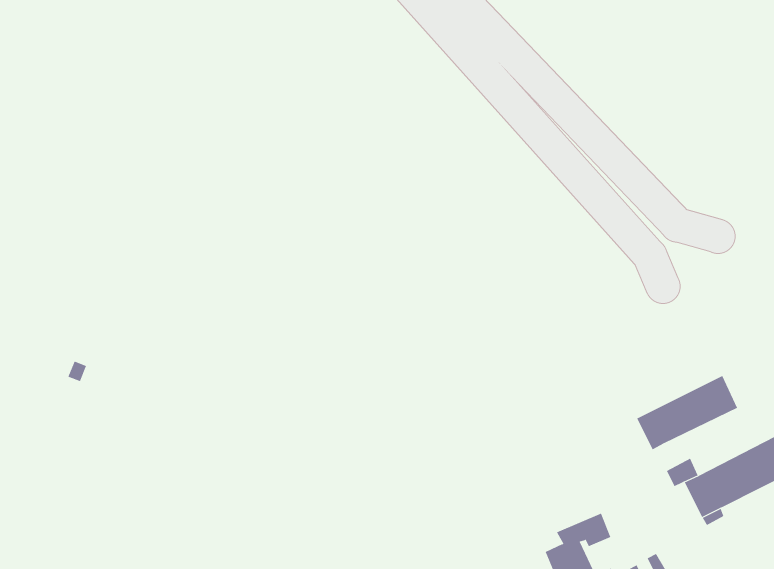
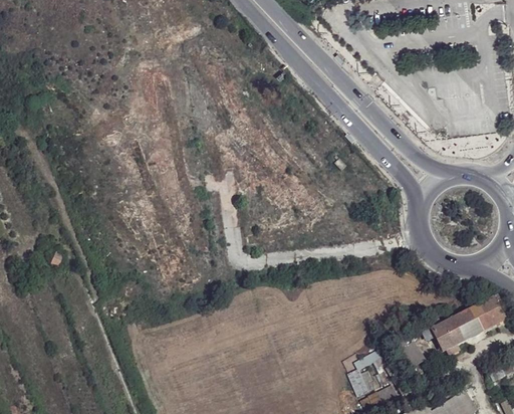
building: [636,375,738,450] -> none

